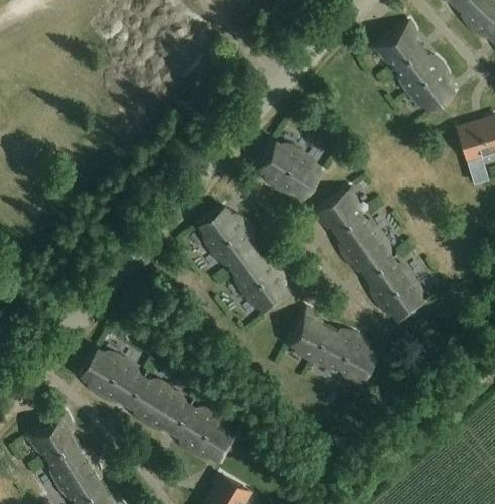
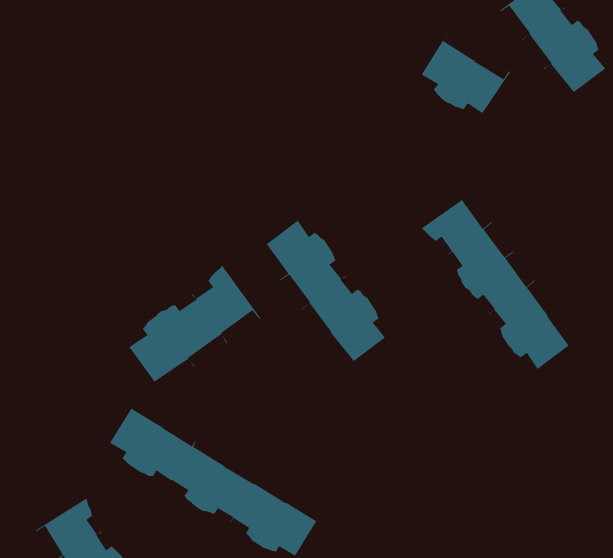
building: [260,135,328,197] -> [421,31,511,114]
building: none -> [129,265,261,383]
building: [290,312,376,390] -> none

